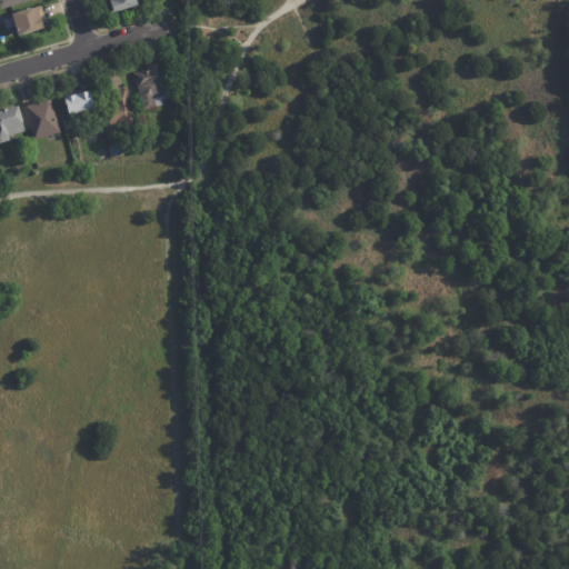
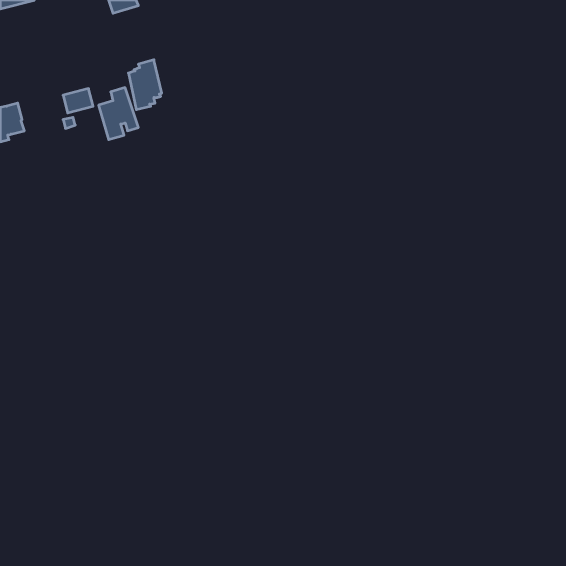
building: [12,7,46,36] -> none
building: [23,96,61,140] -> none

